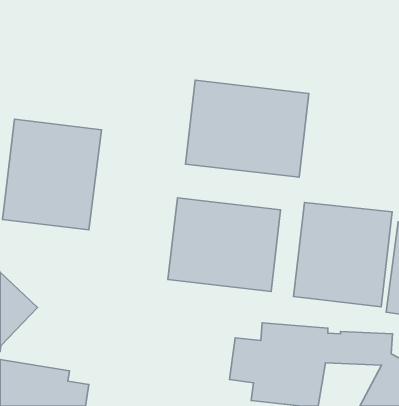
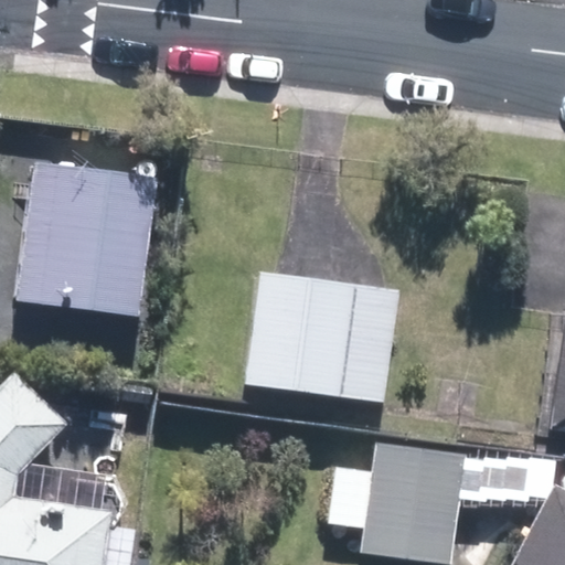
building: [185,80,309,177] -> none
building: [294,203,392,307] -> none

